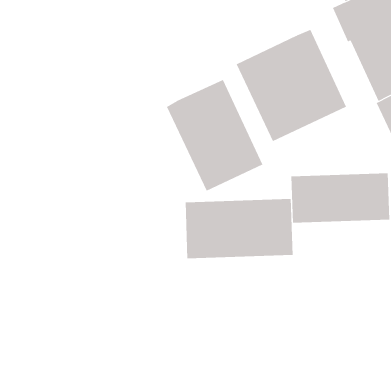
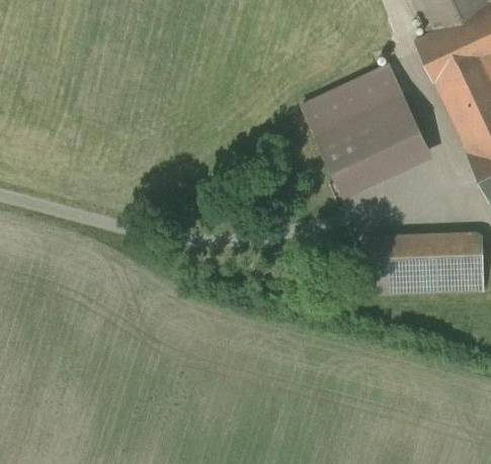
building: [166,79,263,191] -> none
building: [185,198,293,259] -> none

